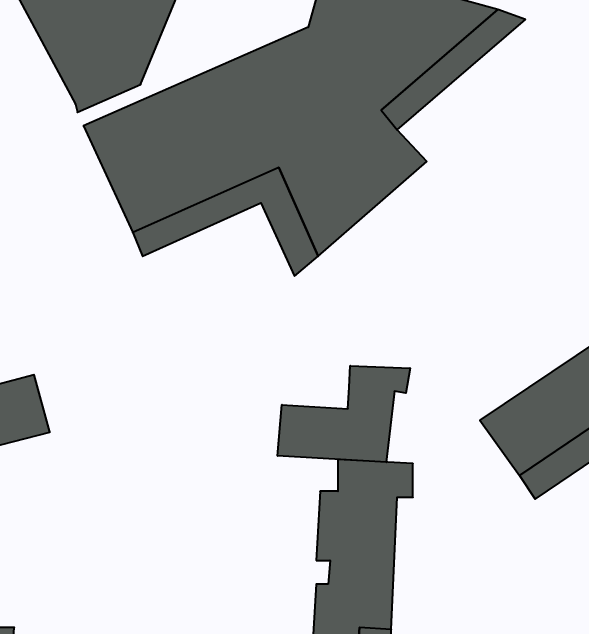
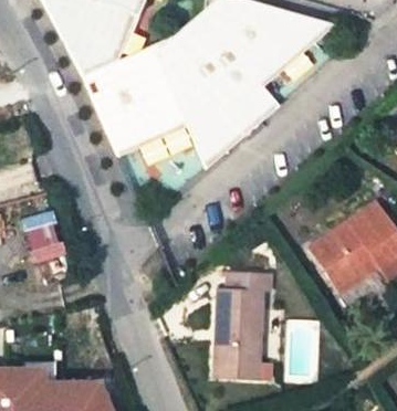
building: [278,366,410,462] -> none

